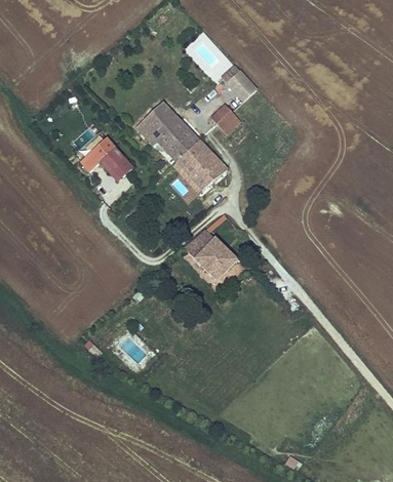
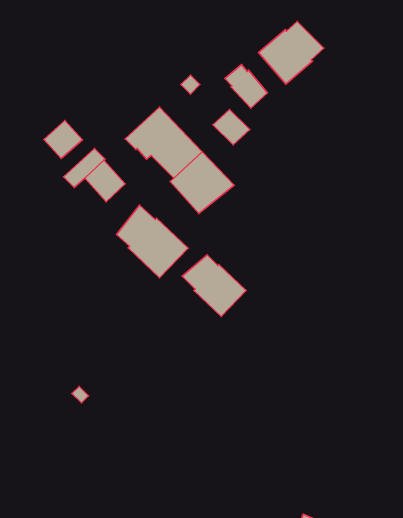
building: none -> [259,22,324,84]
building: none -> [44,121,82,159]
building: none -> [117,205,188,278]

